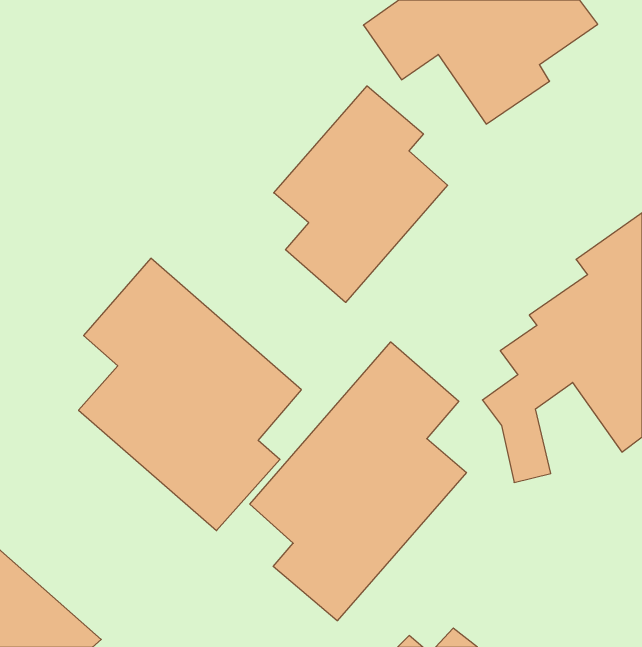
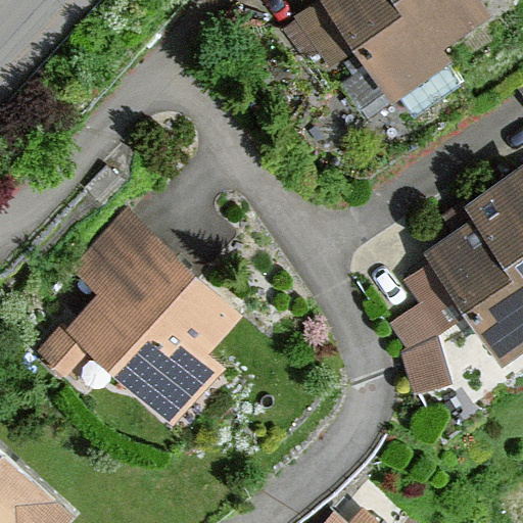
building: [274,86,448,302] -> none
building: [250,342,466,621] -> none

